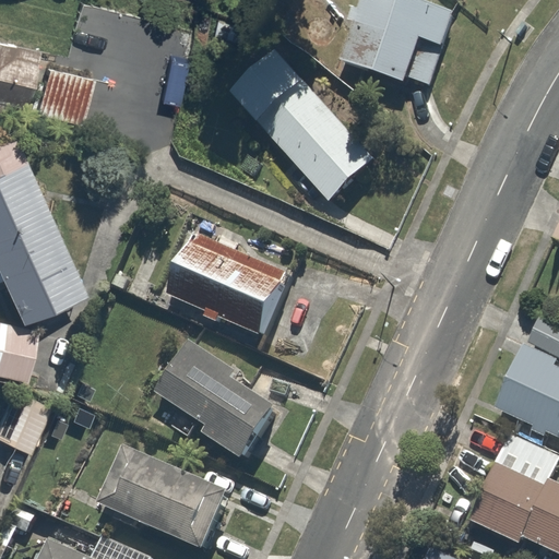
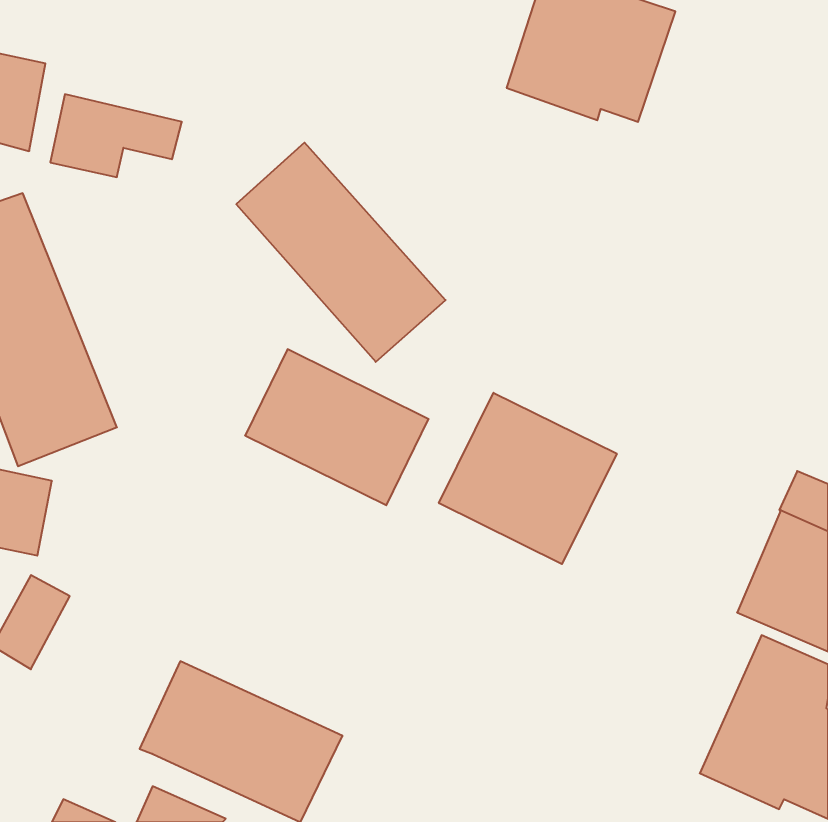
building: [233,49,373,197] -> [236,143,446,362]
building: none -> [439,393,617,564]
building: [148,341,277,457] -> none

